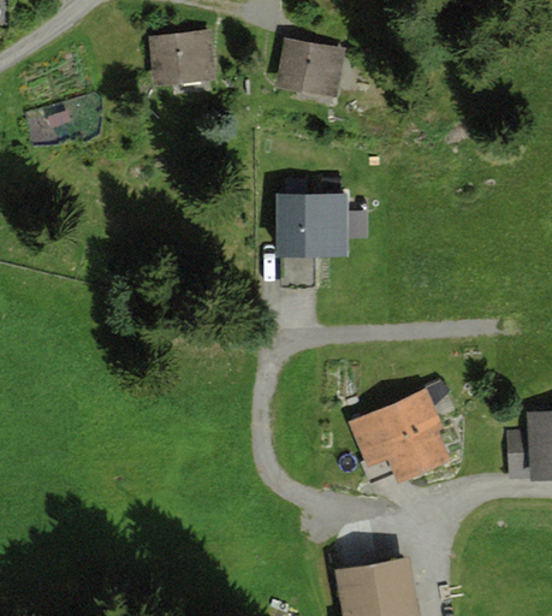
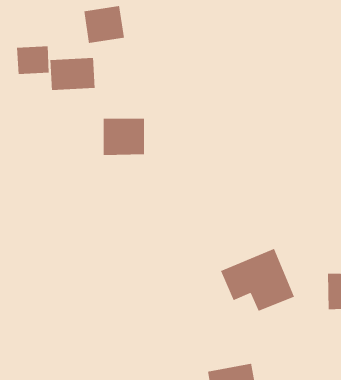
building: [281,36,345,93] -> none
building: none -> [50,57,95,91]
building: [275,196,338,251] -> [103,118,145,155]

